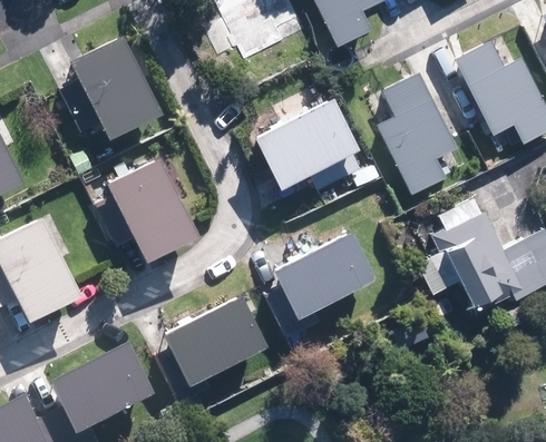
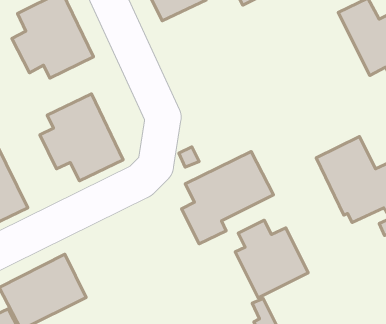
building: [377,72,457,195] -> none
building: [253,97,361,190] -> none
building: [157,293,266,402] -> none
building: none -> [235,220,308,298]

